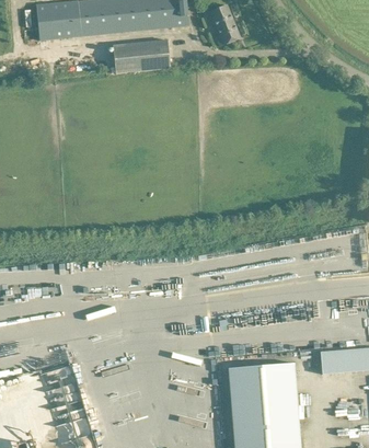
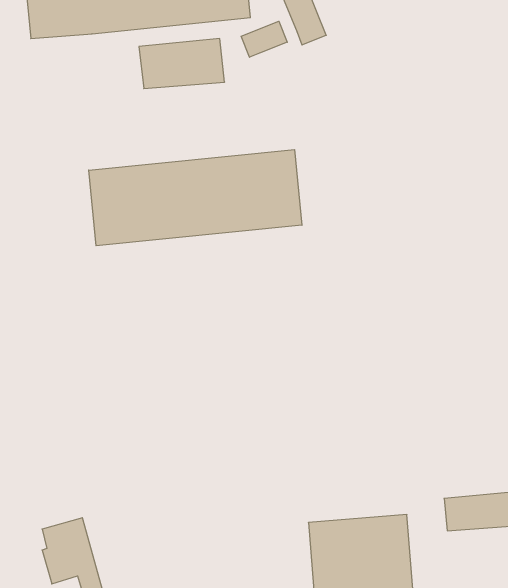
building: none -> [241,21,287,57]
building: none -> [89,150,302,246]

